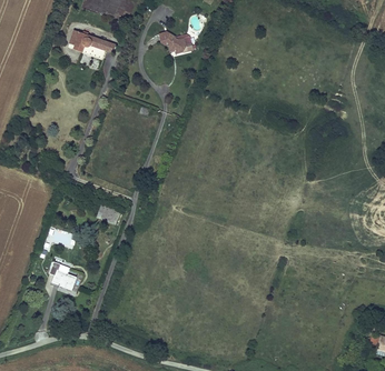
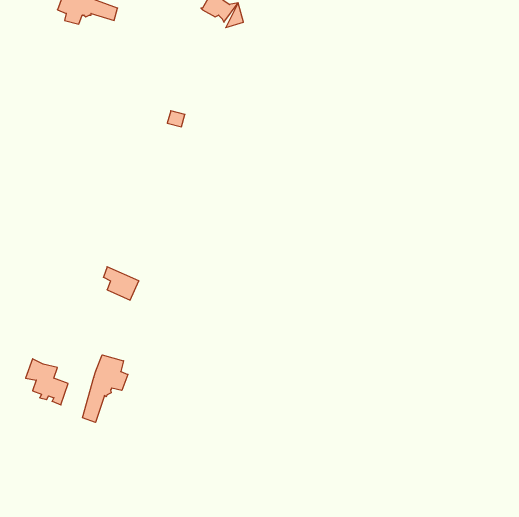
building: none -> [83,355,128,422]

